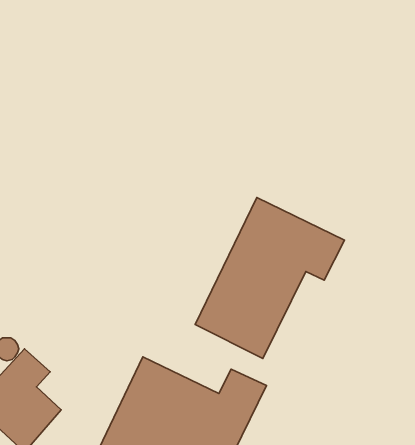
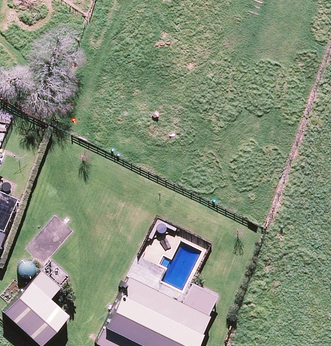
building: [195,197,345,359] -> none

